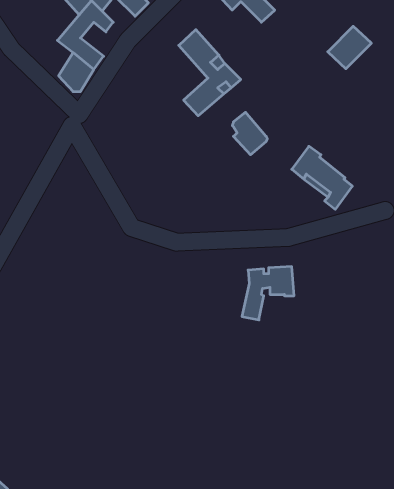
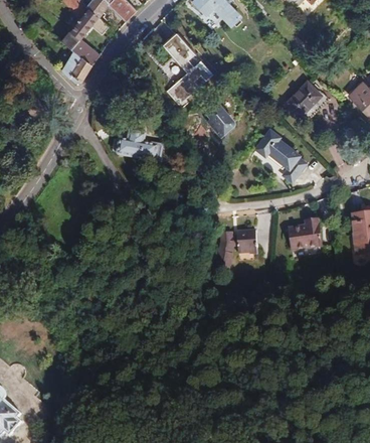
building: [328,26,371,69] -> [286,81,322,116]
building: none -> [117,130,162,161]
building: none -> [288,217,322,249]

